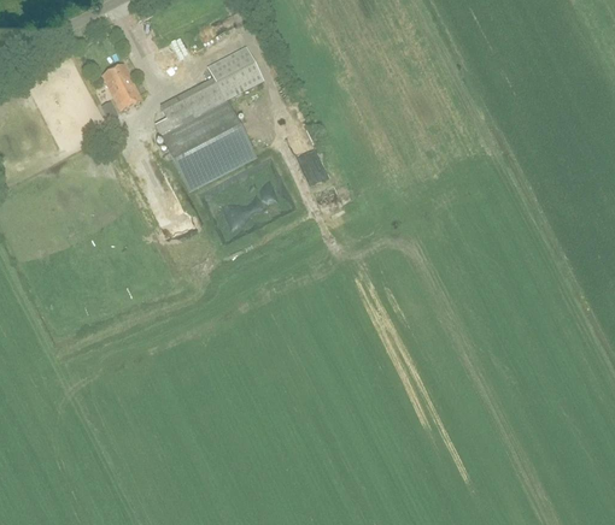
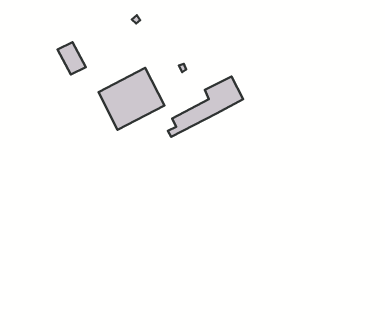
building: [154,47,263,134] -> [168,77,243,137]

